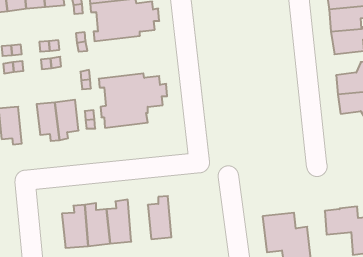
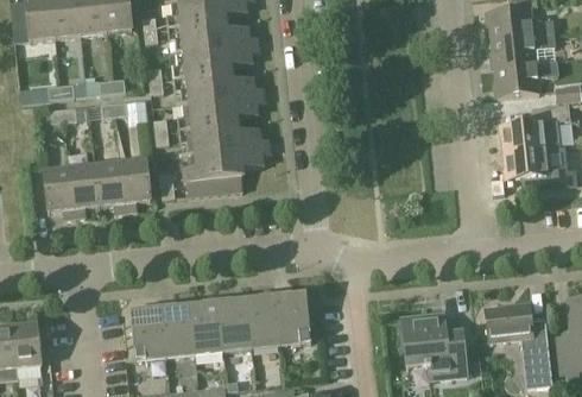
building: none -> [172,73,266,131]
building: none -> [69,165,99,219]
building: none -> [272,288,310,346]
building: none -> [217,294,249,352]

